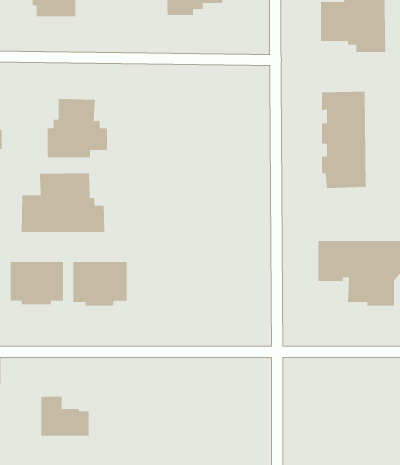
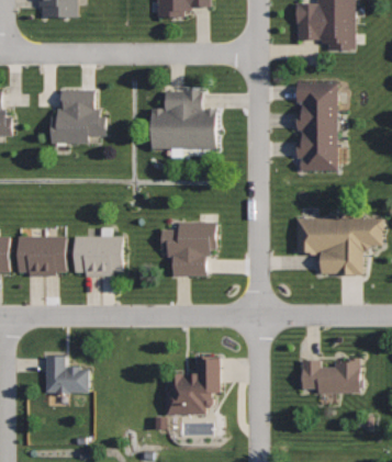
building: none -> [150,90,214,149]
building: [21,172,105,233] -> none
building: none -> [160,222,217,275]
building: none -> [166,357,219,414]
building: none -> [302,358,360,393]

